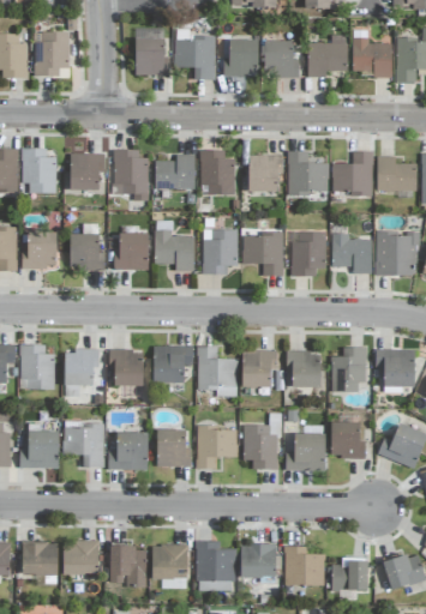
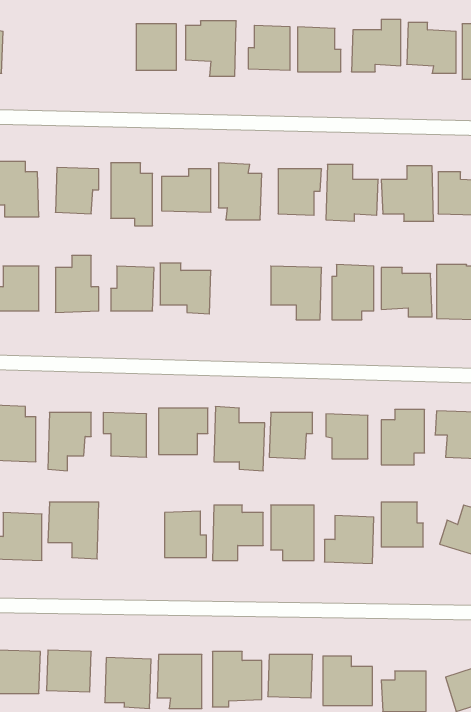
building: [32,31,70,77] -> none
building: [203,229,238,275] -> none
building: [108,432,148,470] -> none

